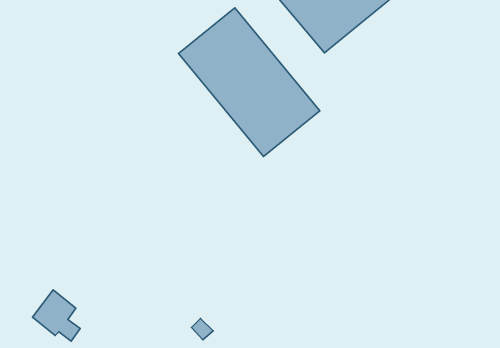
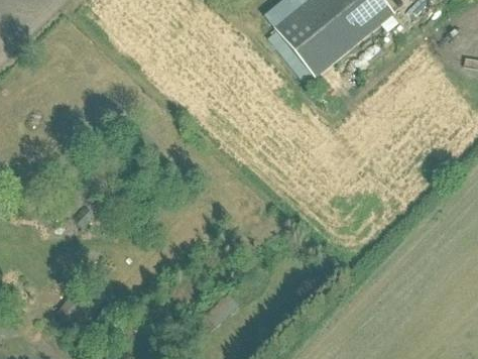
building: [179,8,320,157] -> none

